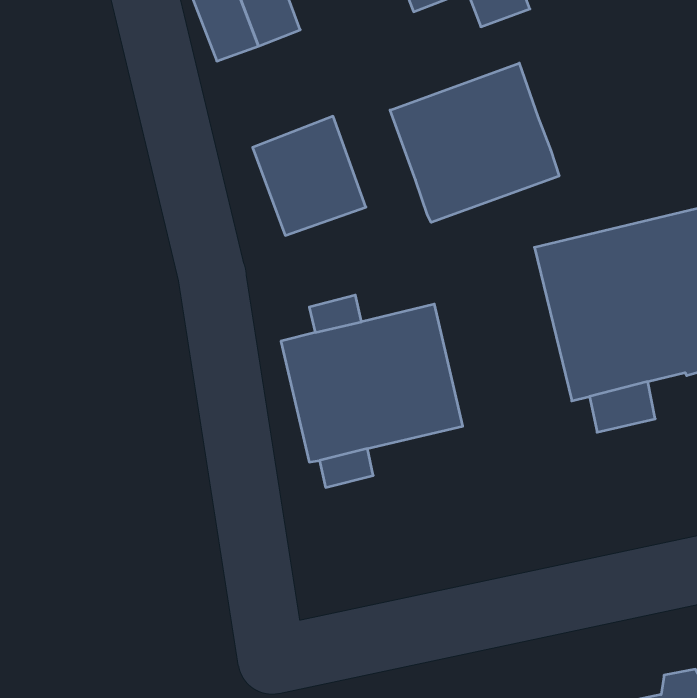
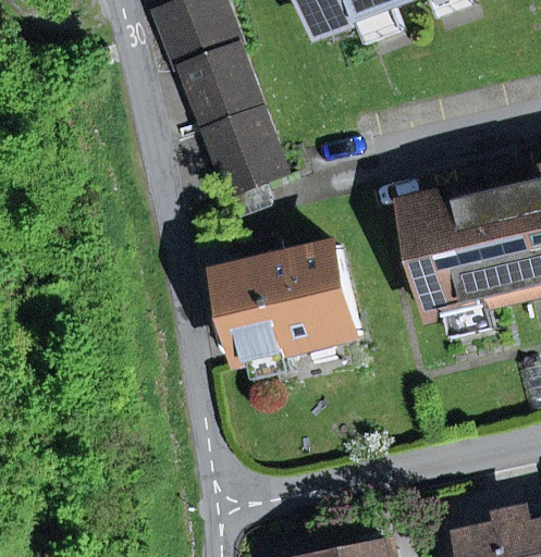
building: none -> [177,41,259,127]
building: [390,63,559,222] -> none

